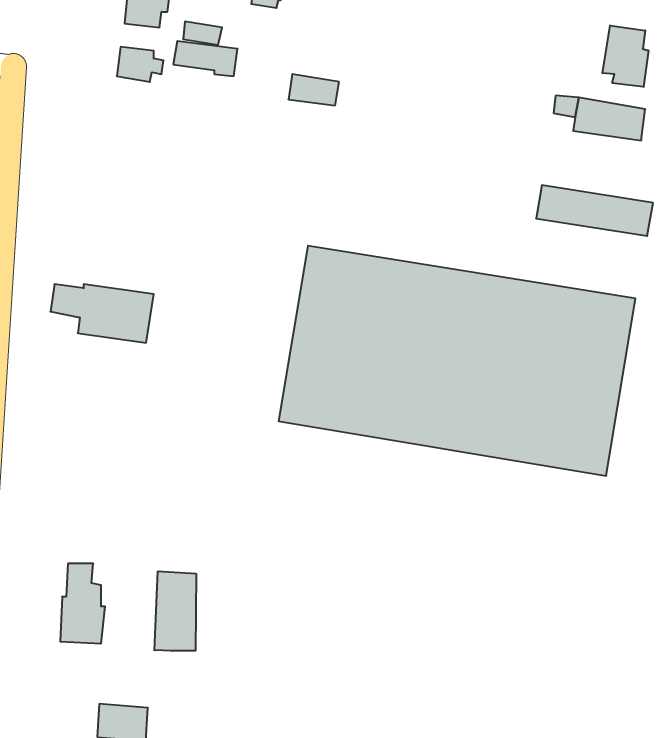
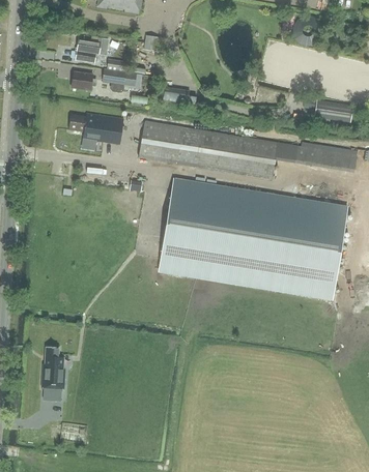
building: [603,25,648,87] -> none
building: none -> [139,119,278,179]
building: [50,284,154,343] -> [68,114,123,145]
building: [154,571,196,651] -> none

